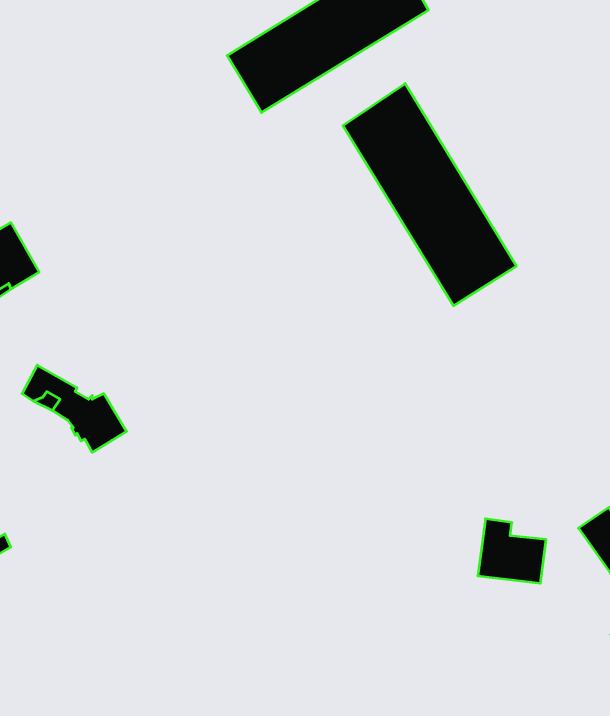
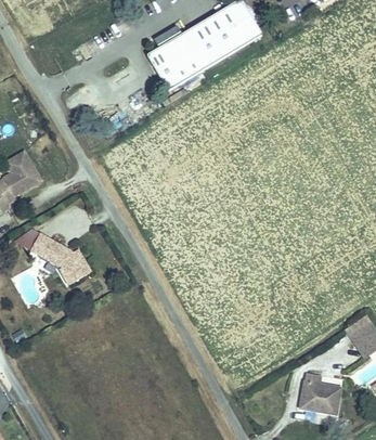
building: [343,83,516,306] -> none
building: [478,519,546,583] -> [299,374,338,411]

